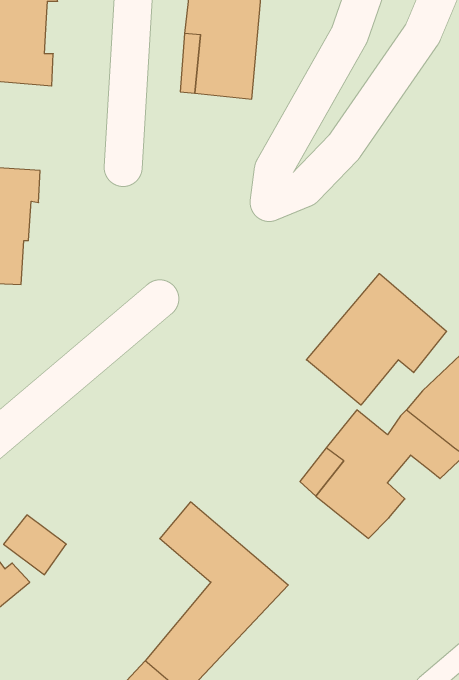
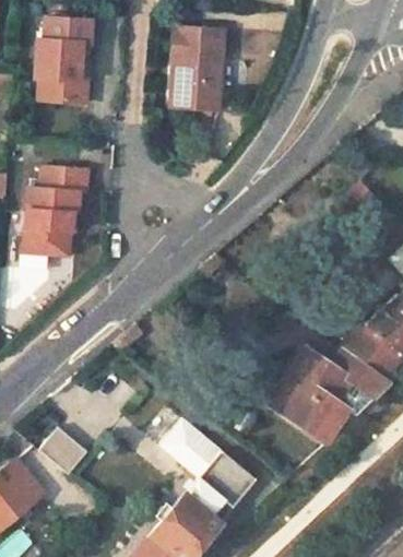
building: [306,274,447,405] -> none

